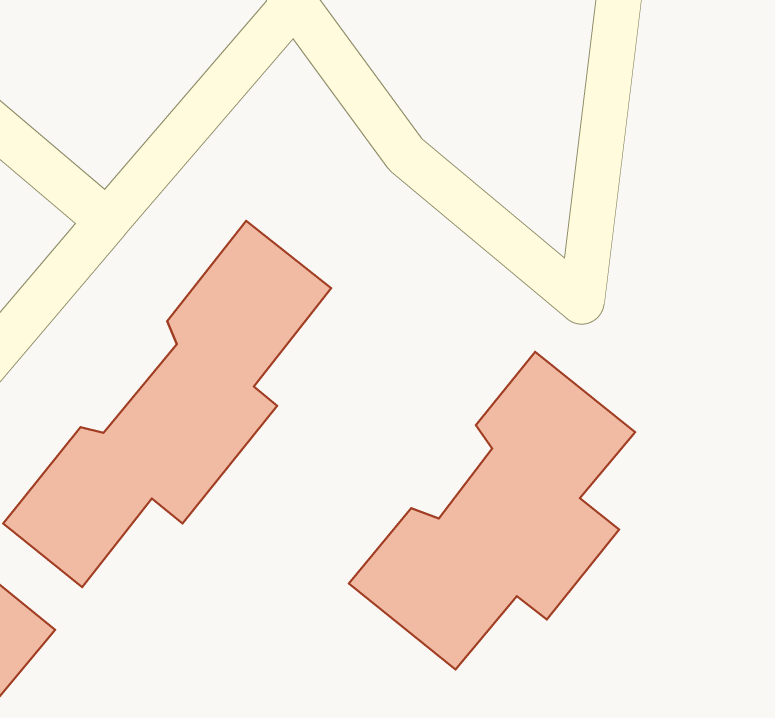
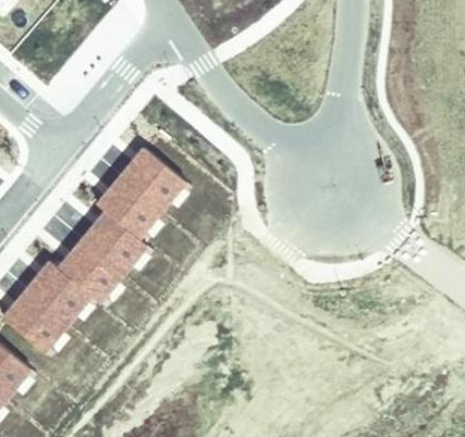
building: [349,352,635,670] -> none

